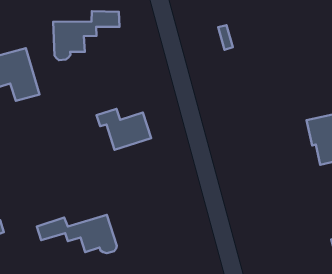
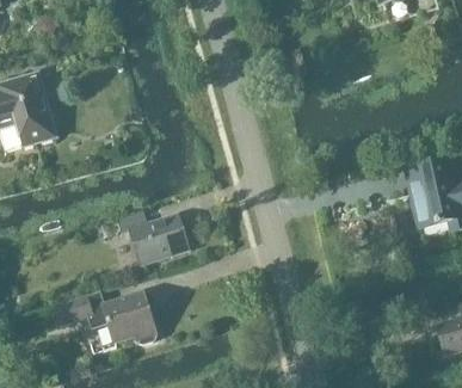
building: [53,11,119,60] -> none
building: [96,109,151,150] -> [117,209,189,263]

